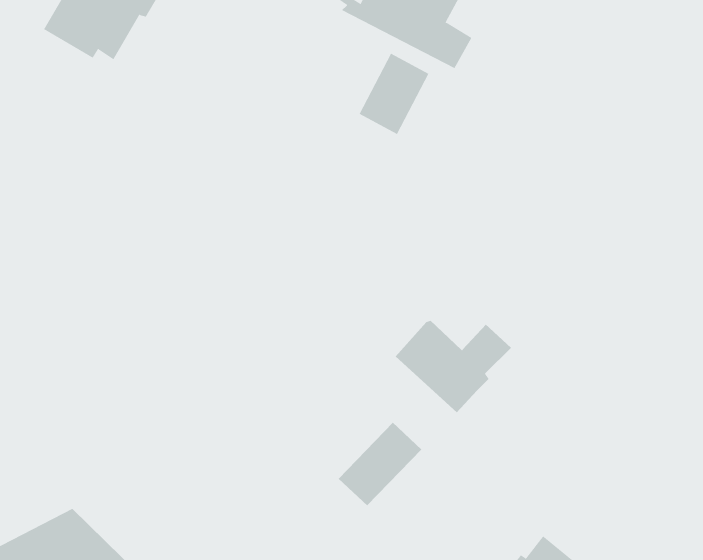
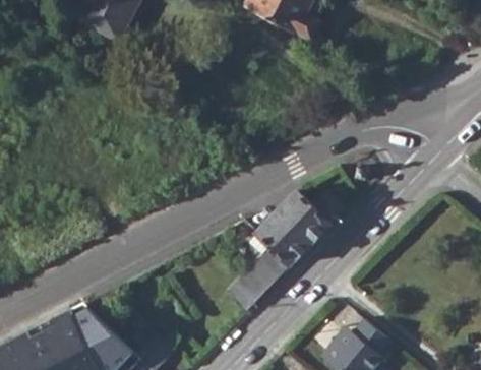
building: [359,53,429,135] -> none
building: none -> [255,212,311,267]

